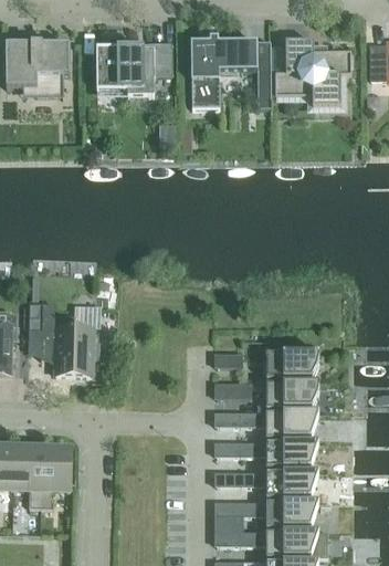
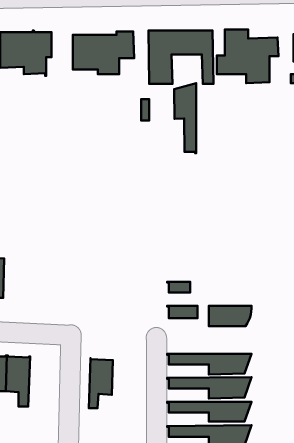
building: none -> [174,83,196,153]
building: [28,303,93,376] -> none
building: [265,346,318,378] -> none
building: [213,412,318,438] -> none
building: [41,446,71,507] -> [89,358,113,408]

